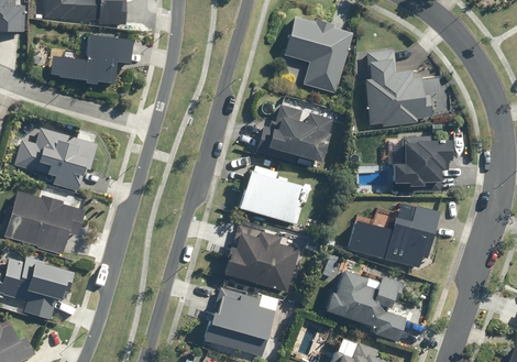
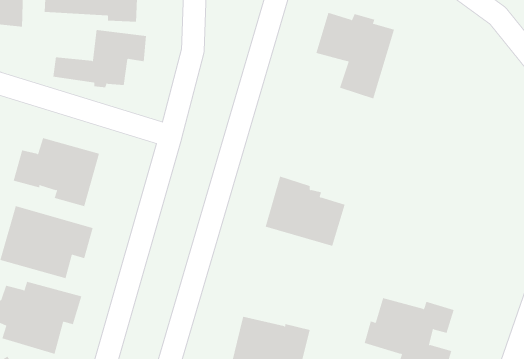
building: [365,48,439,128] -> none
building: [258,105,332,167] -> none
building: [393,136,451,187] -> none
building: [349,201,440,267] -> none
building: [223,226,298,292] -> none

